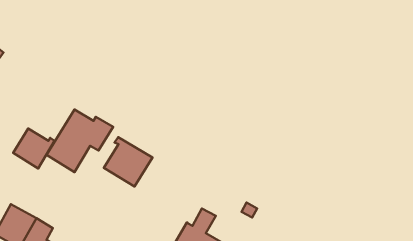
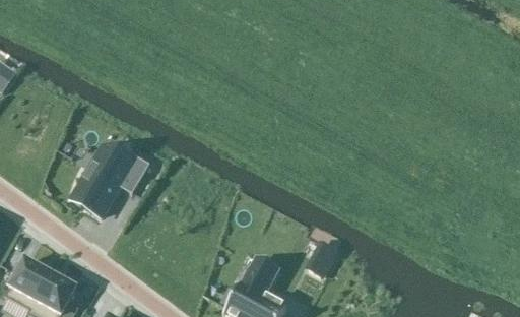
building: [13,128,55,169] -> none
building: [104,137,152,187] -> none

